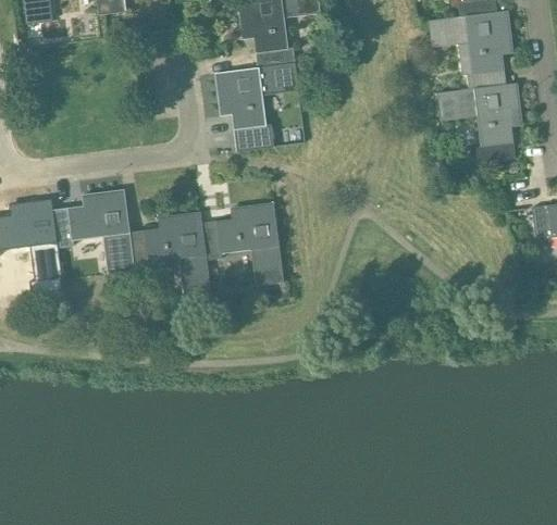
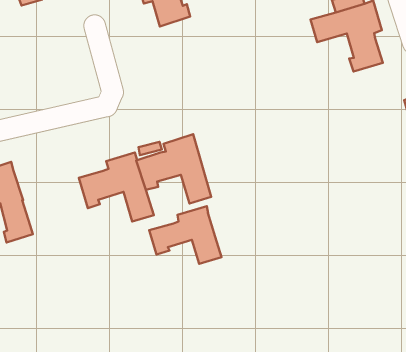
building: [216,62,299,143] -> none
building: [53,189,134,272] -> none
building: none -> [149,206,222,264]

